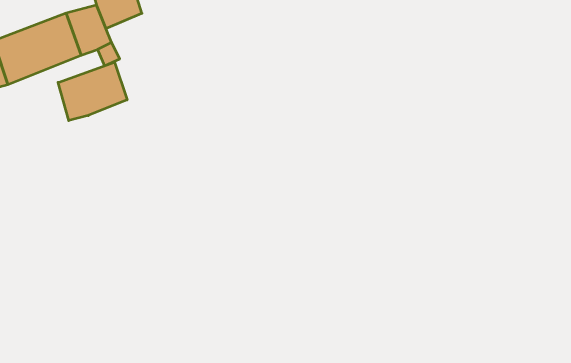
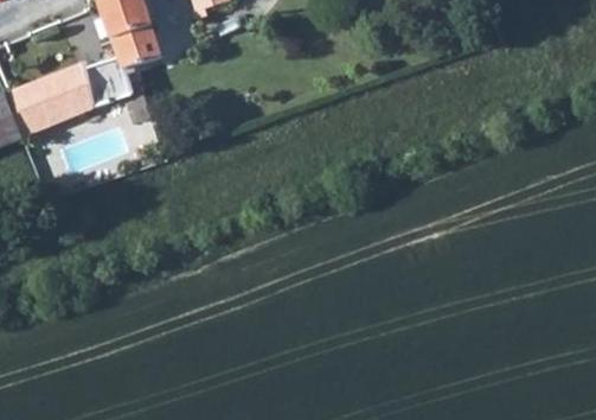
building: [58,62,127,121] -> none

